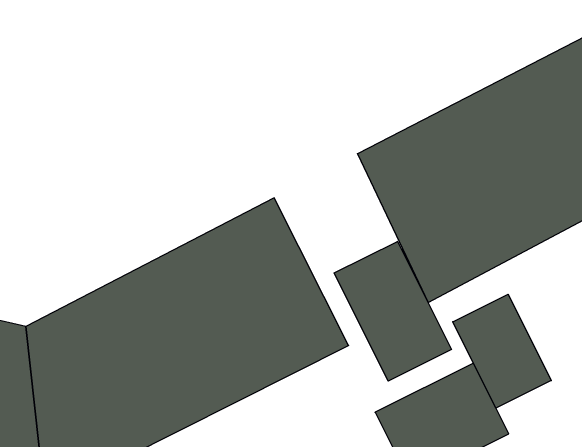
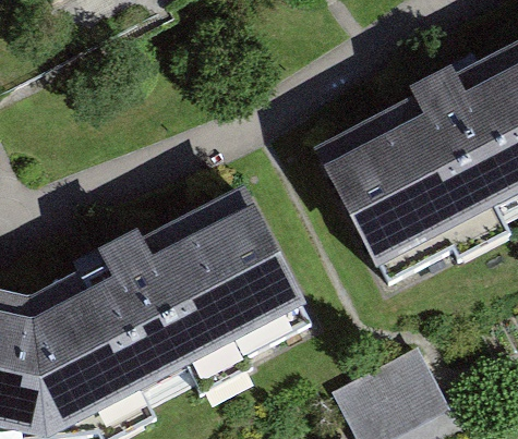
building: [334,241,451,381] -> none
building: [453,294,551,408] -> none

